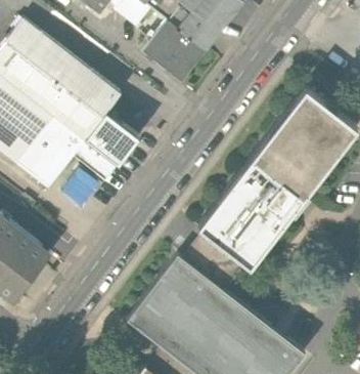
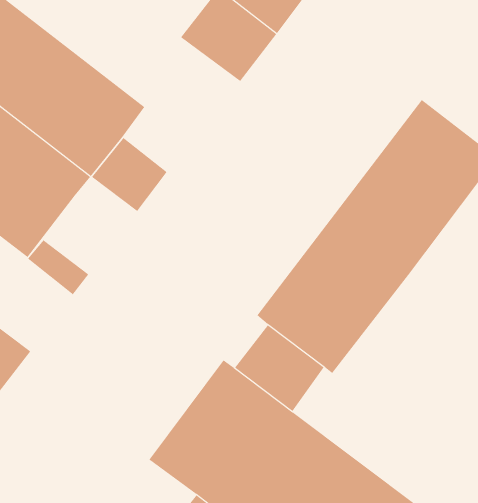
building: [81,140,121,176] -> [27,240,89,295]

